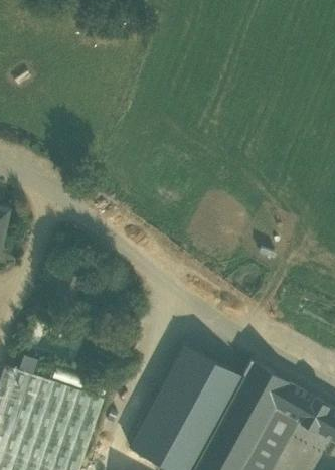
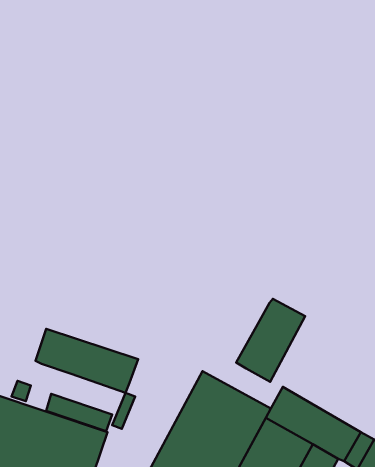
building: none -> [236,299,305,382]
building: none -> [35,329,138,393]

